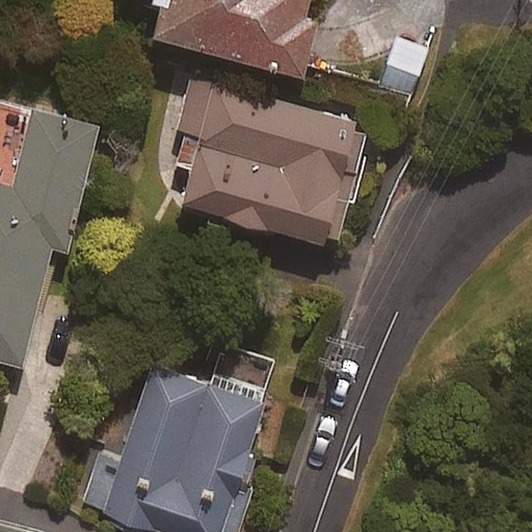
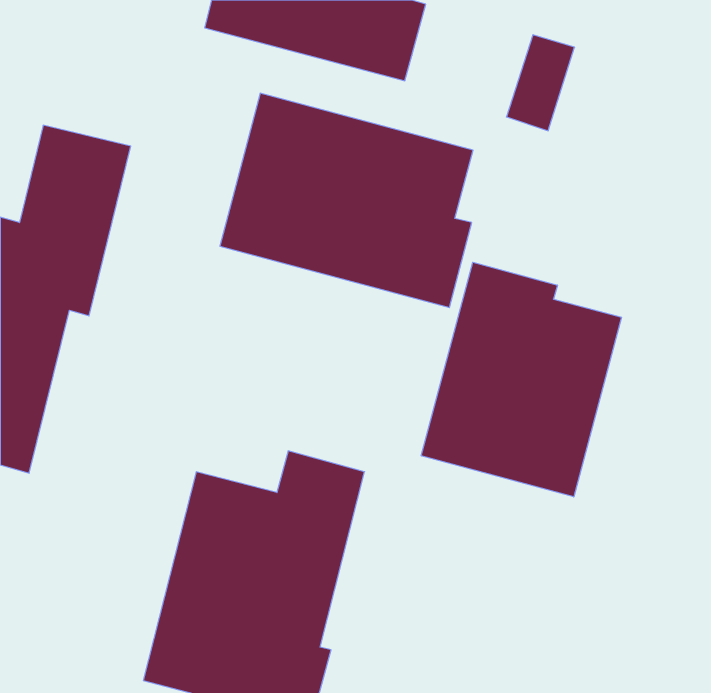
building: none -> [421,262,621,497]

